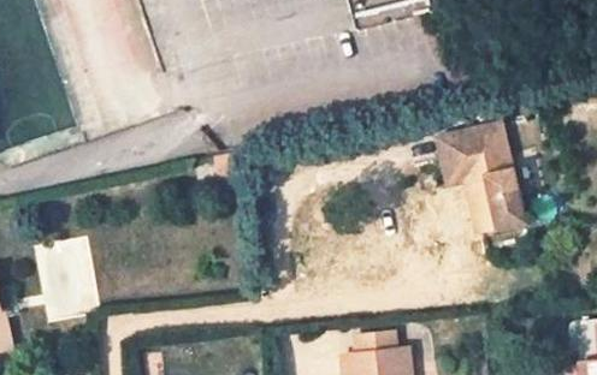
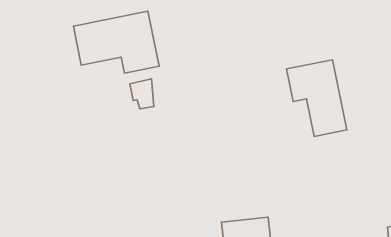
building: none -> [74,11,159,73]

